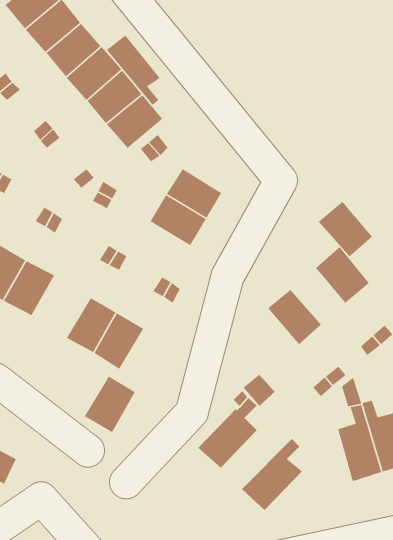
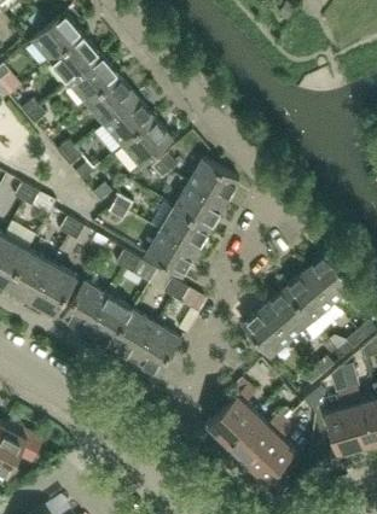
building: [106,35,161,106] -> none
building: none -> [188,159,238,205]
building: [318,201,373,257] -> [284,271,332,321]
building: none -> [145,230,196,276]
building: none -> [62,282,108,333]
building: none -> [242,306,291,357]
building: [84,376,136,433] -> [133,325,179,375]
building: none -> [222,414,285,466]

